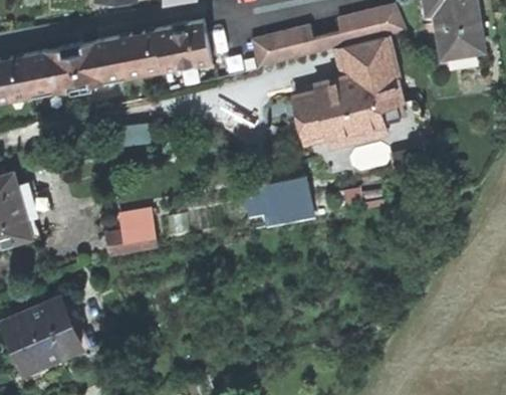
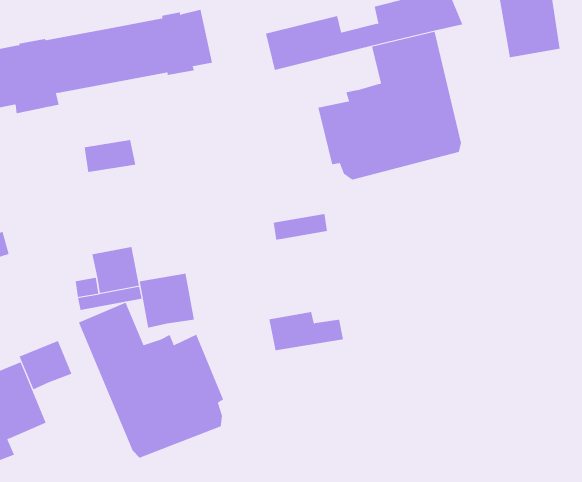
building: [267,194,326,225] -> [268,311,344,351]
building: none -> [139,273,195,328]
building: none -> [78,302,224,459]
building: none -> [19,340,72,390]

